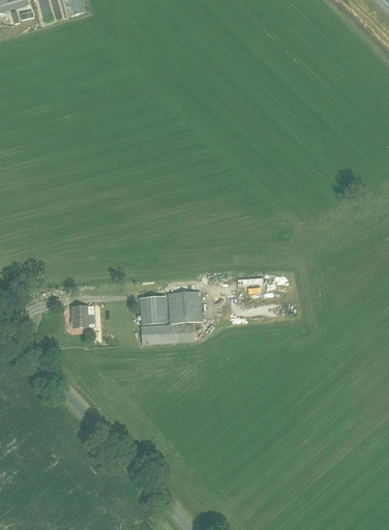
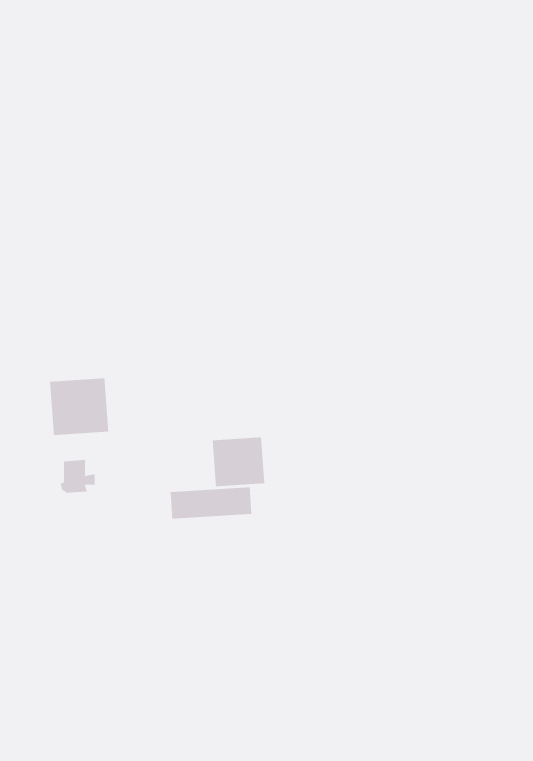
building: none -> [50,377,109,436]
building: [139,295,164,322] -> none

